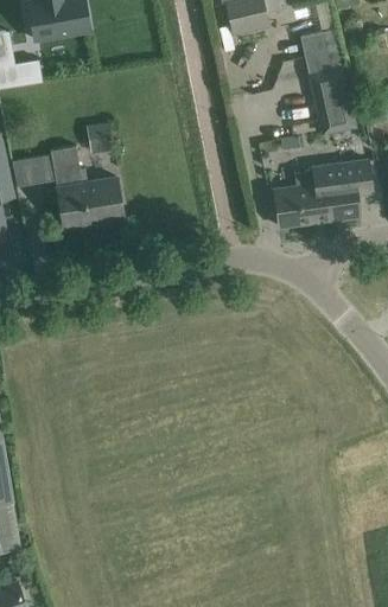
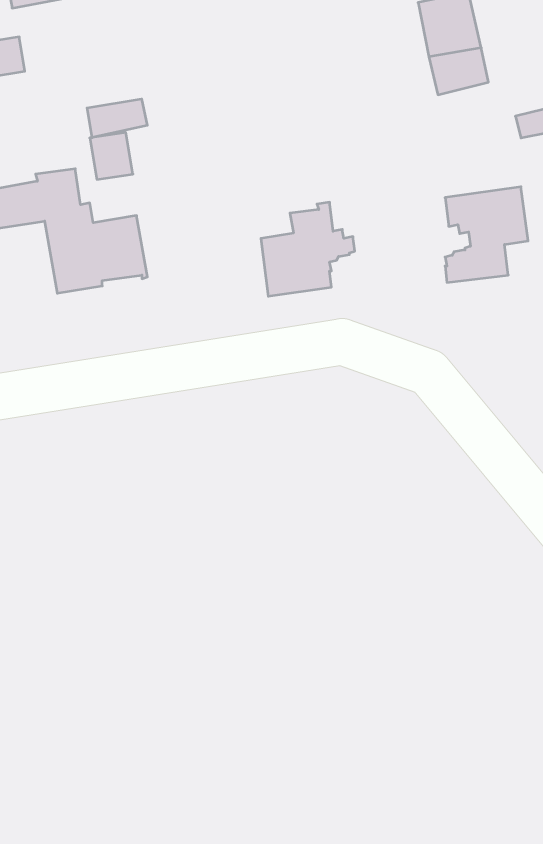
building: [314,89,357,135] -> none
building: none -> [87,99,147,138]
building: [274,165,336,226] -> [261,202,355,296]

